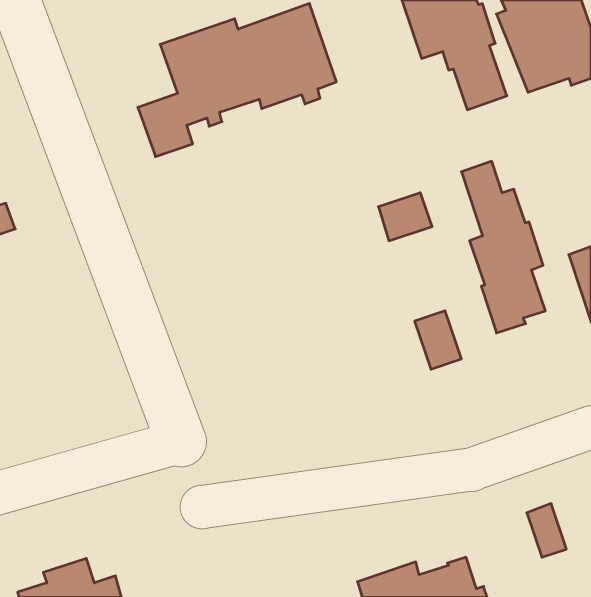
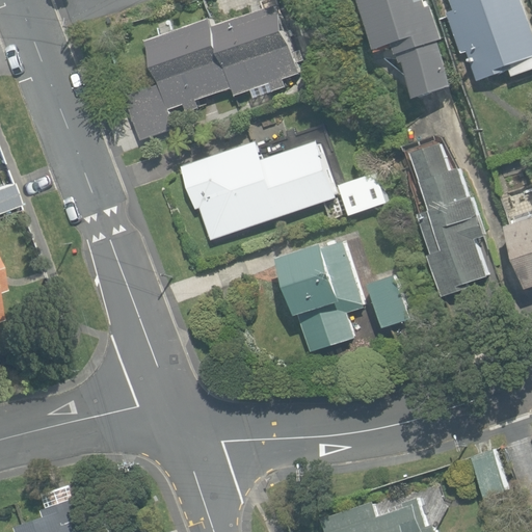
building: none -> [177,140,334,241]
building: none -> [280,241,363,352]

